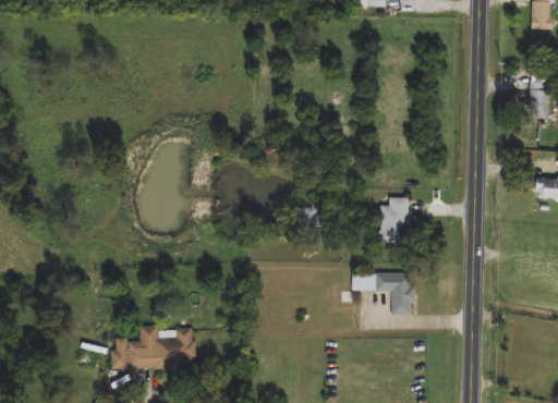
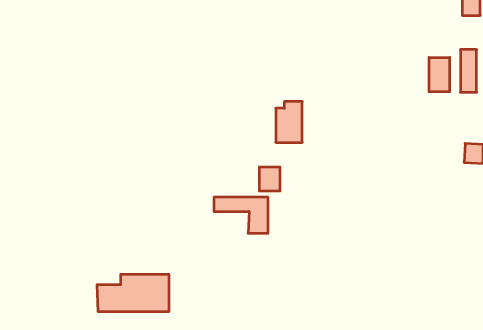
building: none -> [429,57,450,92]
building: [379,197,410,244] -> [276,102,302,142]
building: [352,273,414,315] -> [214,197,268,233]

